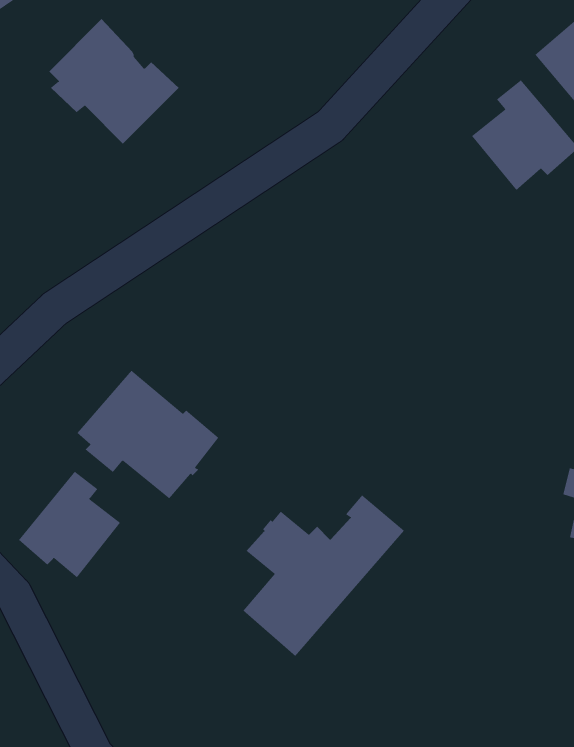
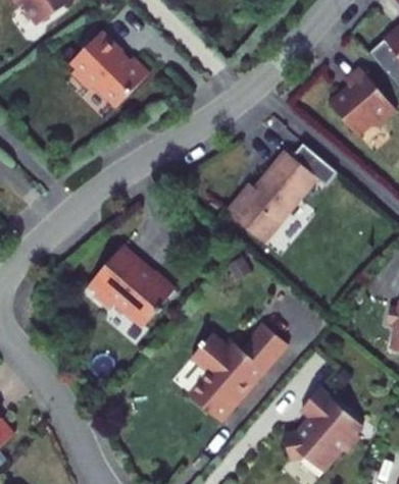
building: none -> [219,141,332,240]
building: [18,471,121,578] -> none
building: none -> [284,387,362,469]

